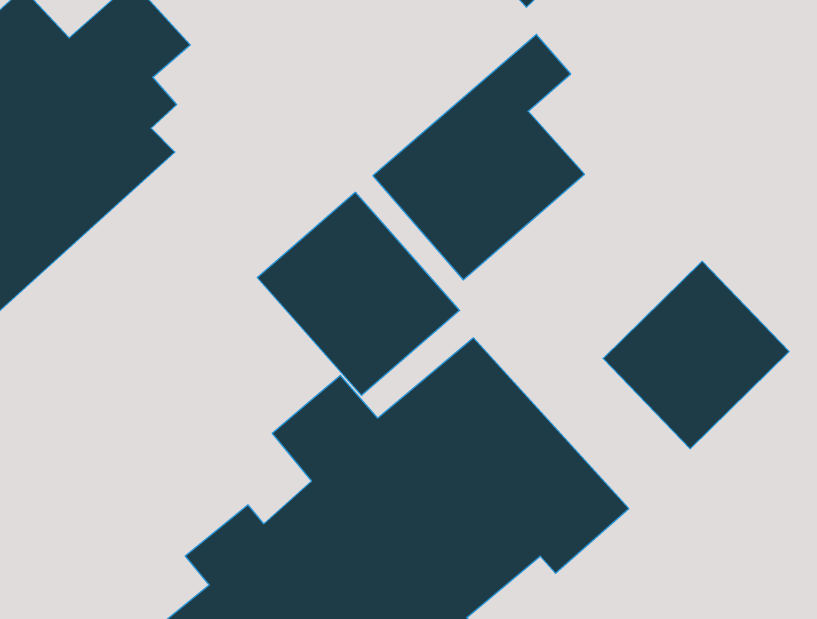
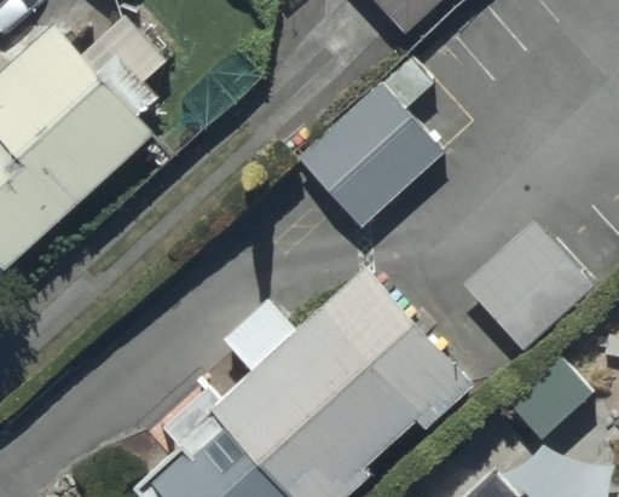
building: [257,192,460,396] -> none

